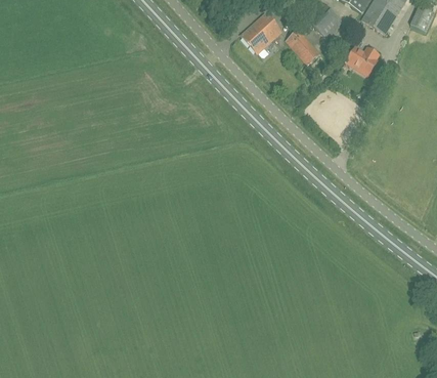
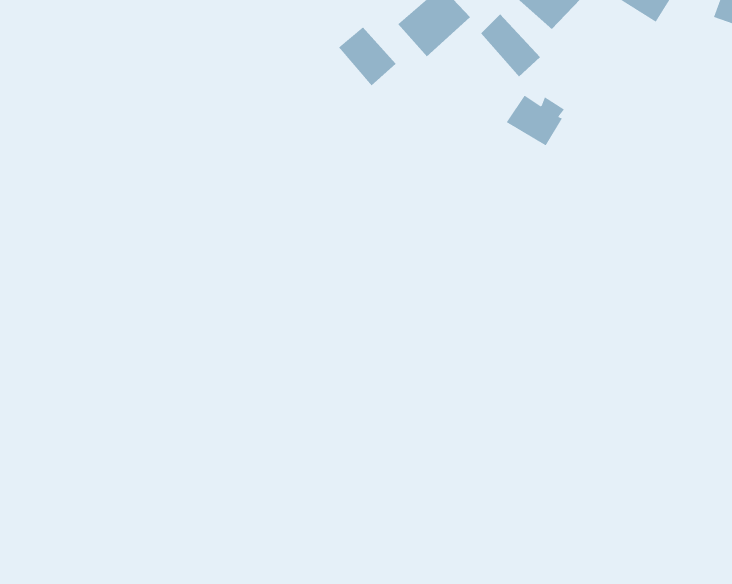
building: none -> [338,27,397,86]
building: [345,46,378,75] -> [506,95,565,146]

